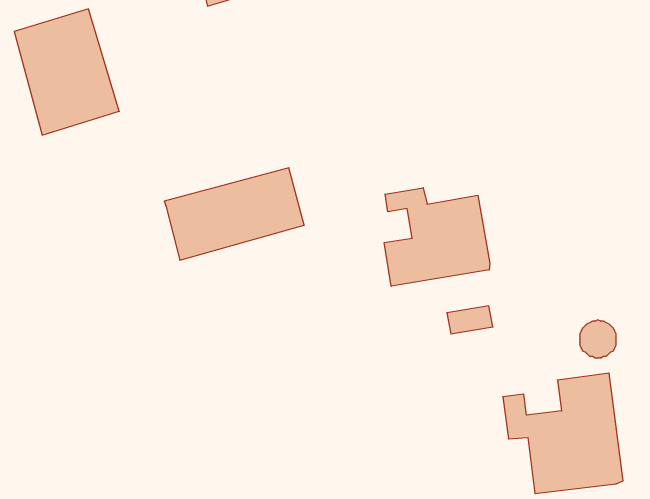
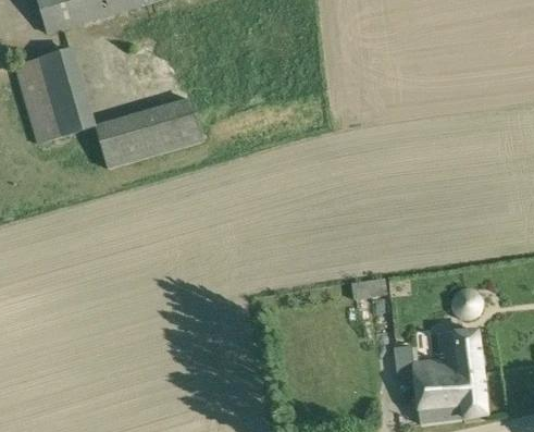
building: [164,168,304,260] -> [95,97,203,169]
building: [384,188,490,286] -> none

